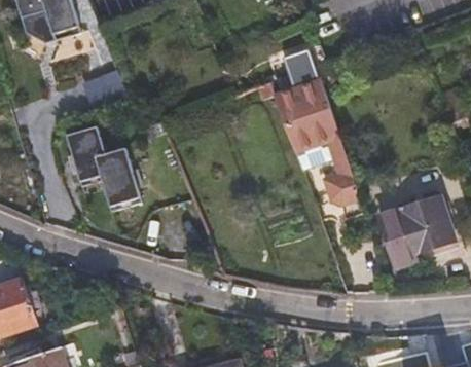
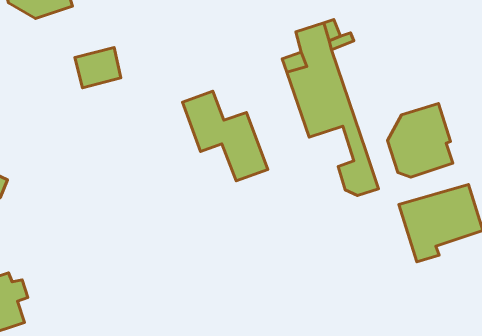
building: [62,124,140,207] -> [182,91,268,181]
building: none -> [388,104,453,177]

